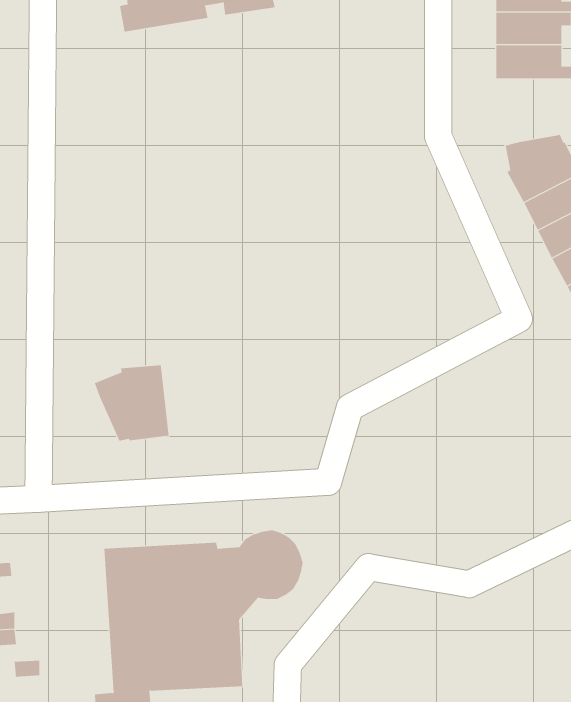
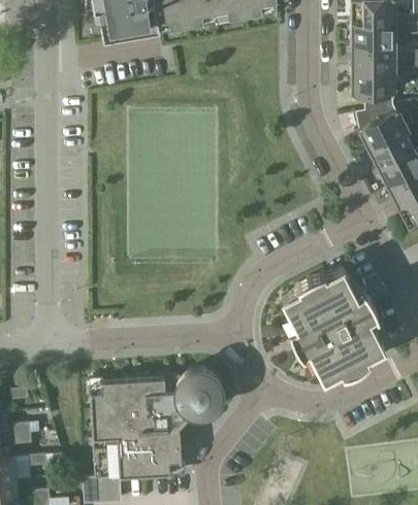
building: none -> [352,71,396,113]
building: [94,365,169,442] -> none
building: none -> [284,270,387,381]

